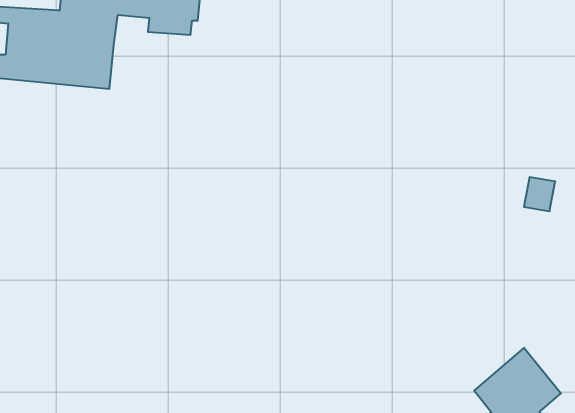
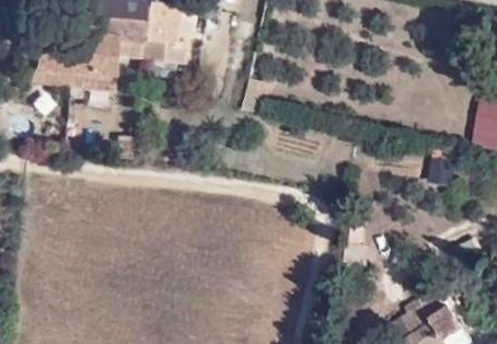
building: none -> [118,36,193,64]

